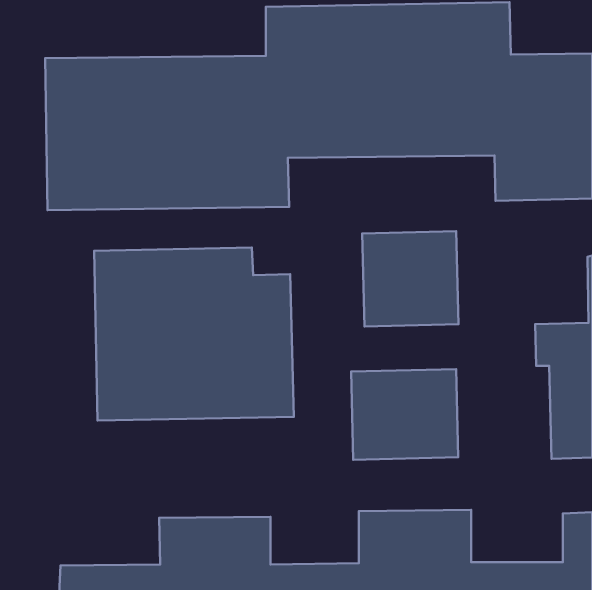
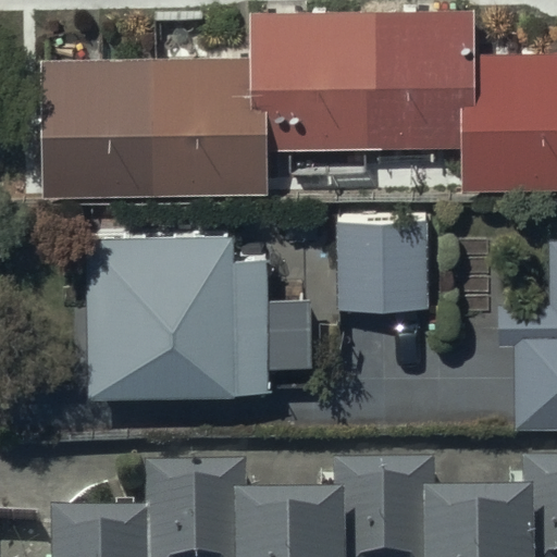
building: [351,369,458,460] -> none

